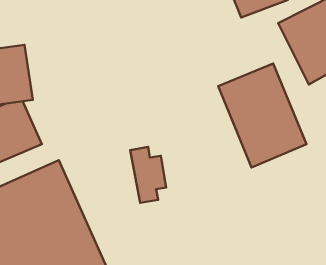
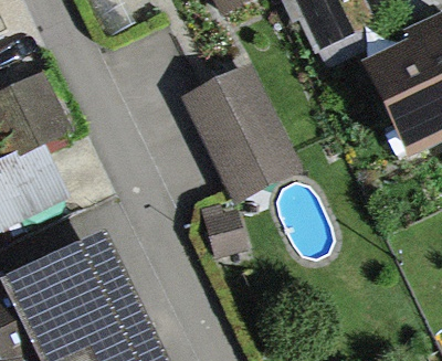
building: [218,64,306,167] -> [186,70,294,197]

